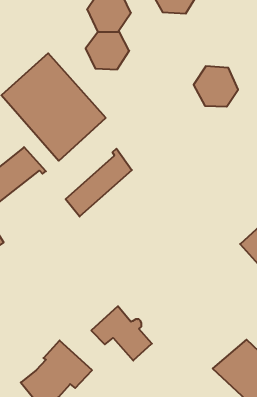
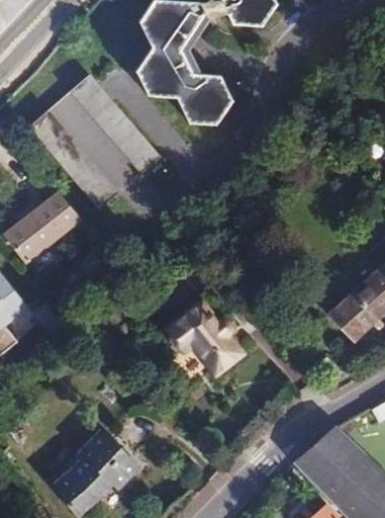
building: [194,66,238,107] -> [175,69,230,119]
building: [66,149,132,217] -> none
building: [91,306,152,361] -> [163,318,238,385]

